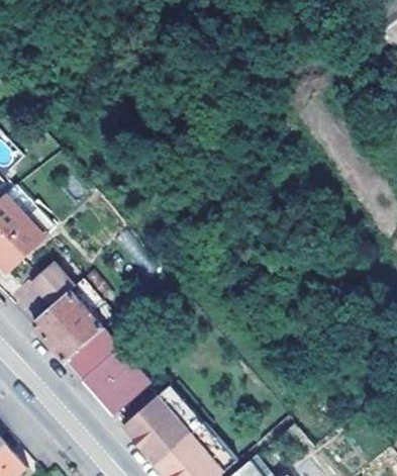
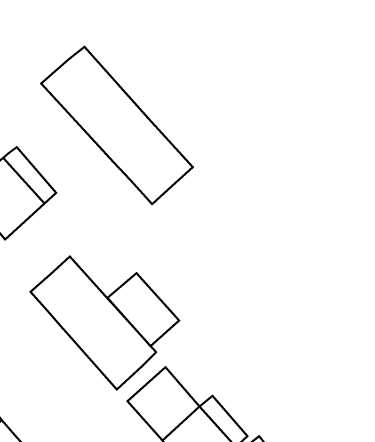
building: none -> [41,47,193,204]
building: [31,263,74,305] -> none
building: none -> [107,273,179,346]

